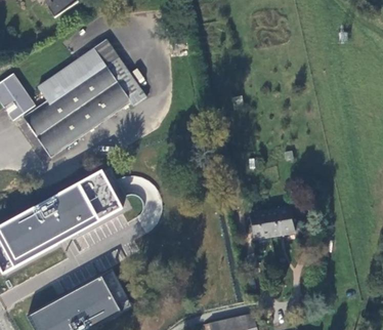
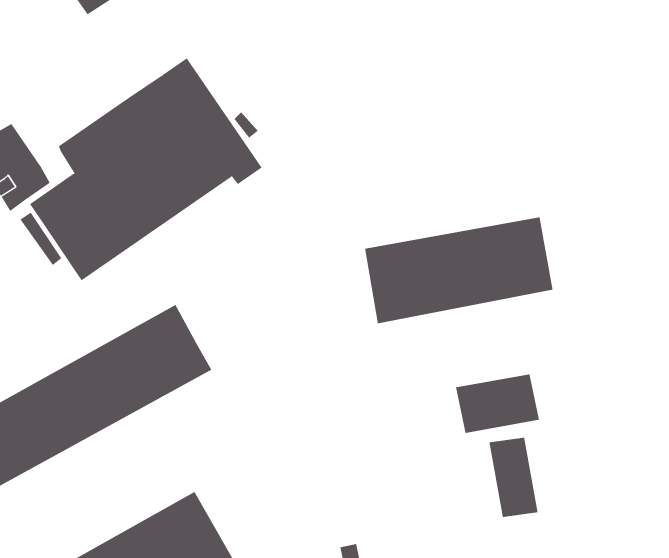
building: none -> [364,217,553,324]
building: none -> [489,437,538,518]

